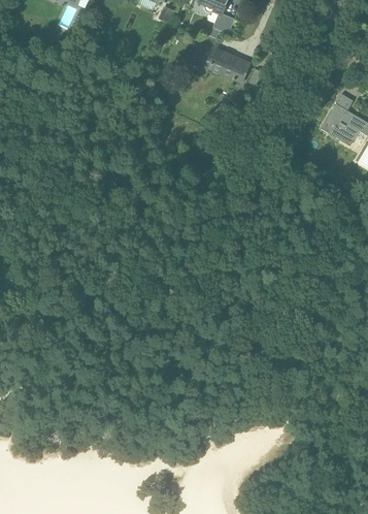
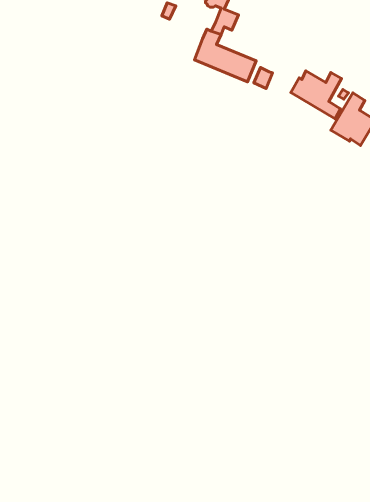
building: none -> [291,71,342,119]

